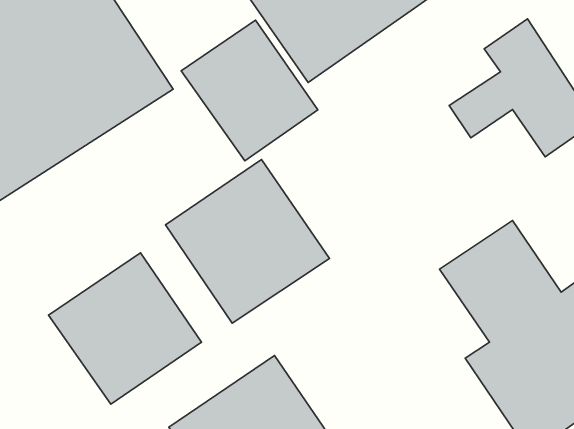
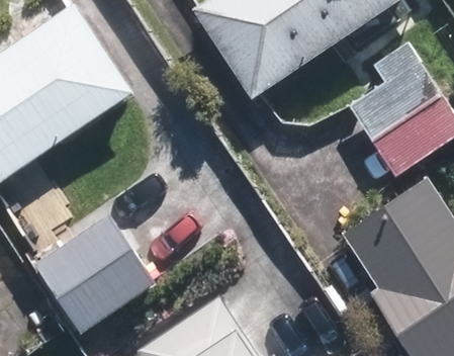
building: [181,20,318,161] -> none
building: [166,159,330,323] -> none

